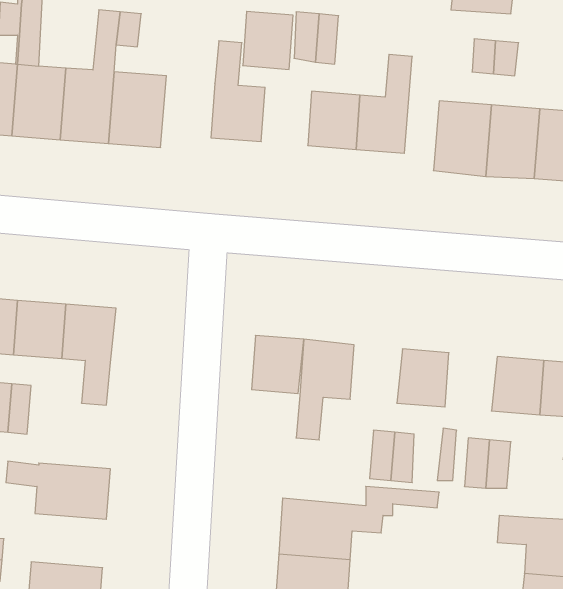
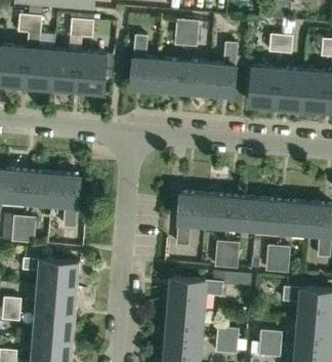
building: [243,11,293,69] -> [157,61,183,91]
building: [252,335,304,394] -> [204,197,232,228]
building: none -> [254,201,282,232]
building: none -> [35,286,75,315]

